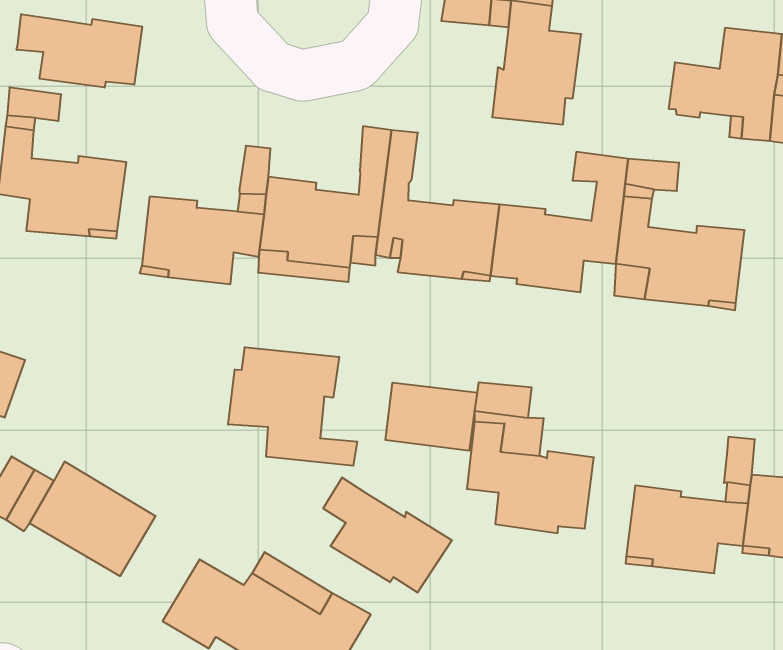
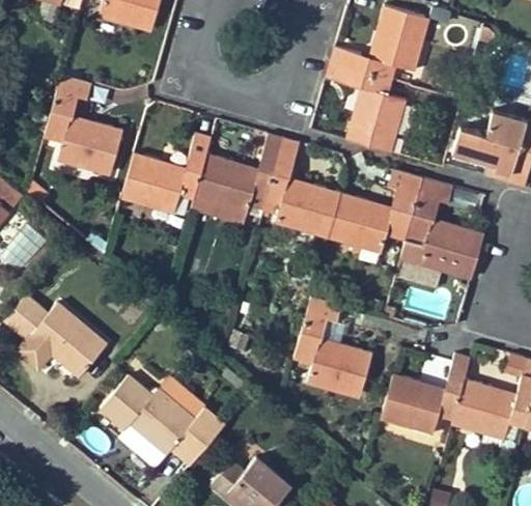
building: [17,14,142,88] -> none
building: [228,347,357,466] -> none
building: [385,383,477,451] -> none
building: [323,477,452,593] -> none

